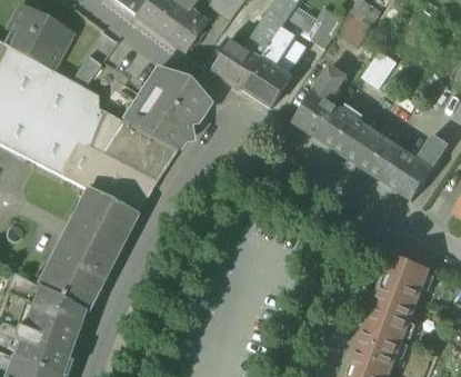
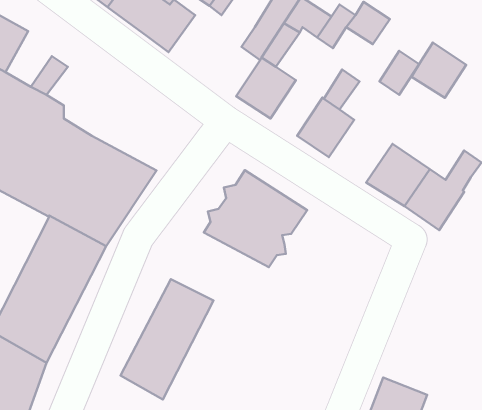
building: [211,37,262,88] -> none
building: none -> [412,43,466,98]
building: [121,69,208,150] -> [204,170,307,267]
building: [320,108,373,160] -> none
building: none -> [121,279,213,399]
building: [365,254,429,338] -> none

